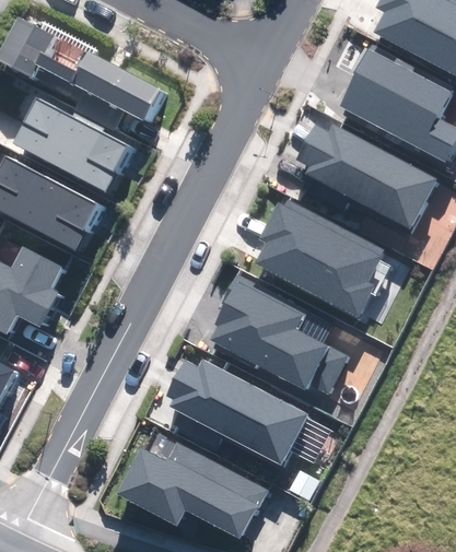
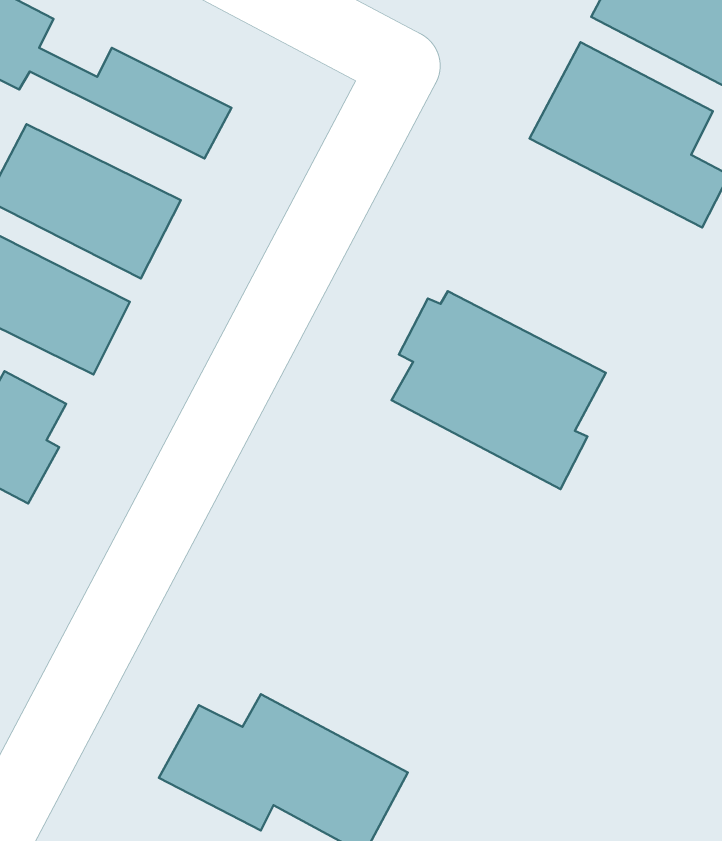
building: [300,127,435,228] -> none
building: [211,277,346,392] -> none
building: [168,360,306,465] -> none

